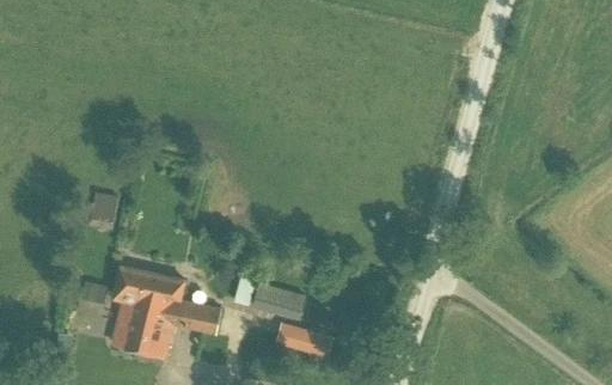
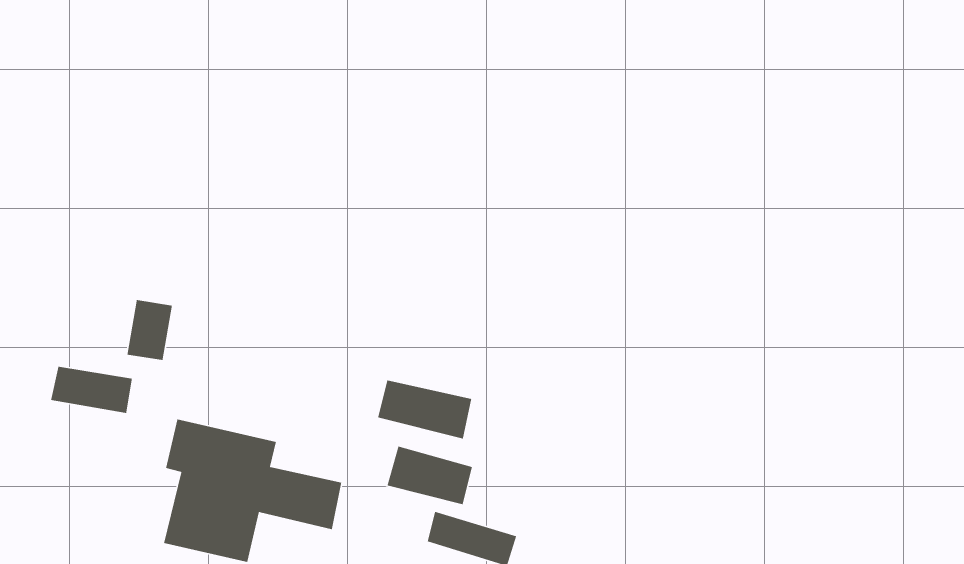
building: none -> [50,366,133,414]
building: none -> [377,380,472,439]

